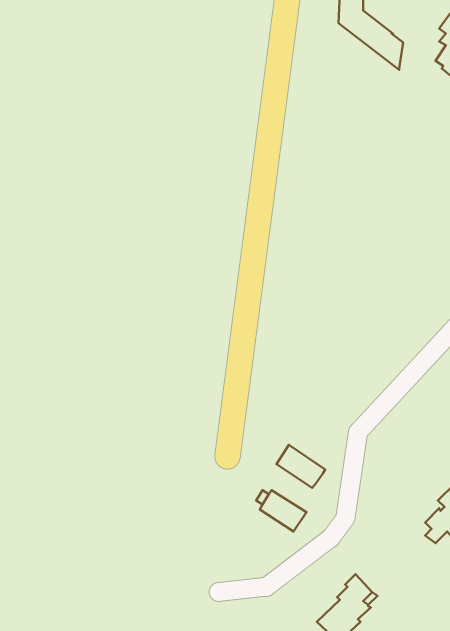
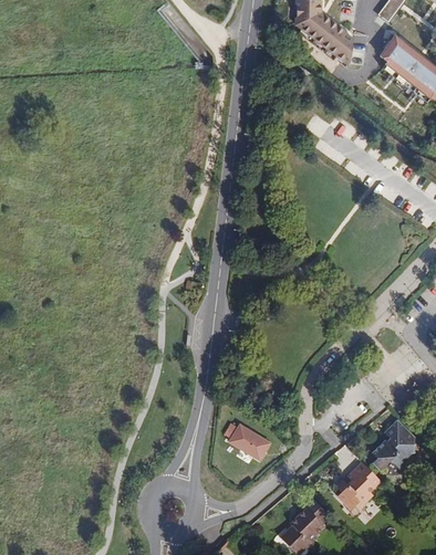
building: [276,445,325,488] -> none
building: none -> [334,461,382,506]

